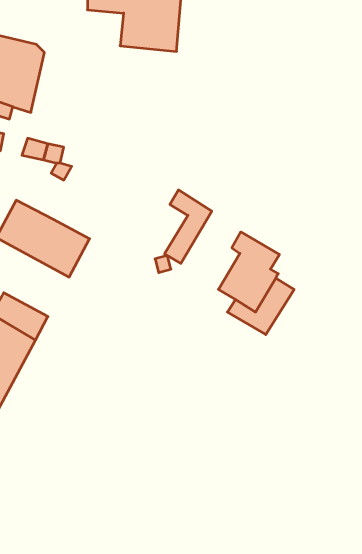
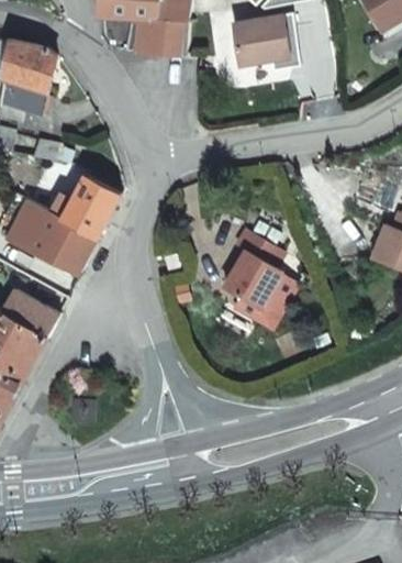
building: none -> [233,13,309,65]
building: none -> [63,175,120,236]
building: [165,190,212,263] -> none

